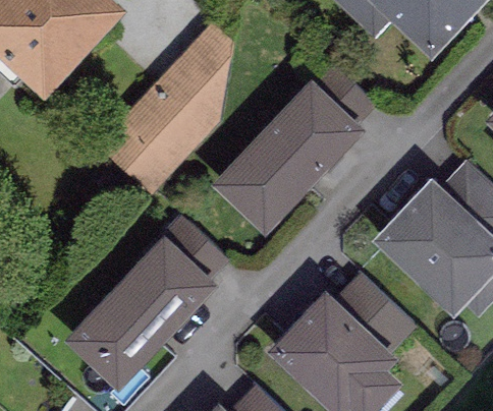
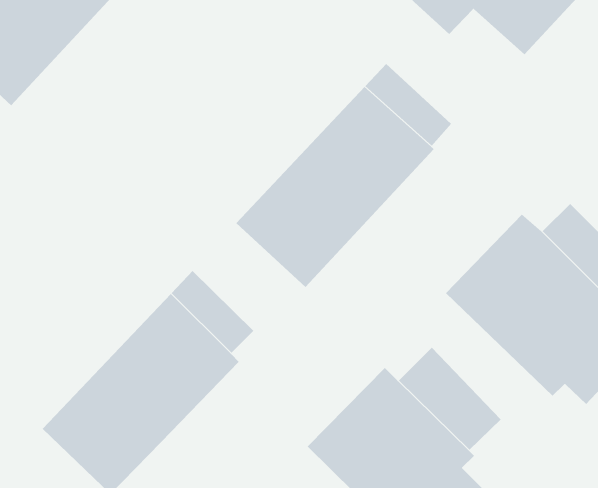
building: [95,30,233,197] -> none

